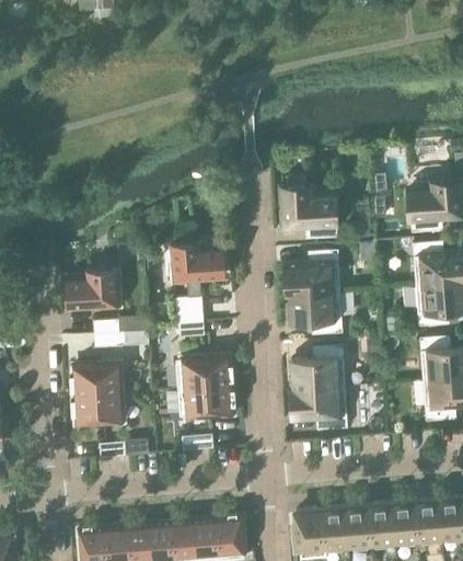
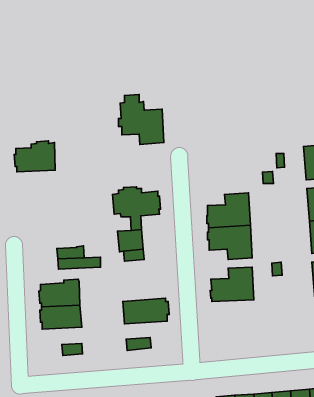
building: [279,176,337,240] -> [119,95,164,144]
building: [66,268,118,308] -> [14,141,55,172]
building: [175,355,234,389] -> none
building: [290,387,347,430] -> none

